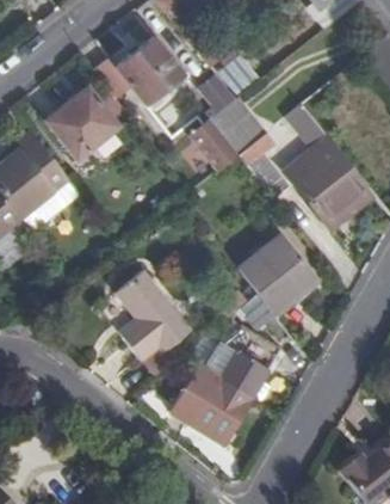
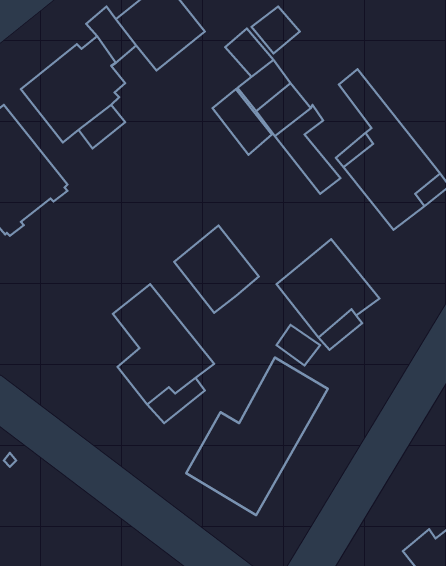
building: none -> [174,226,259,313]

